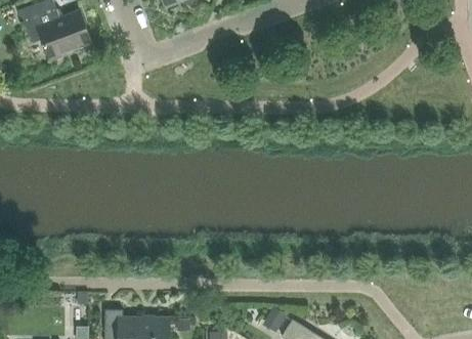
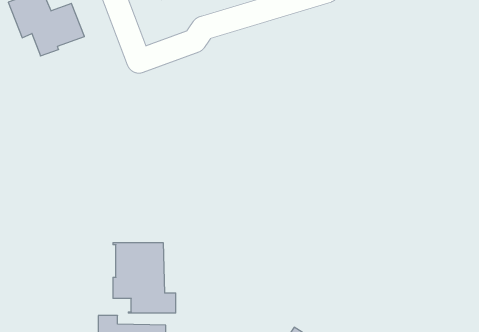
building: none -> [113,243,176,313]

